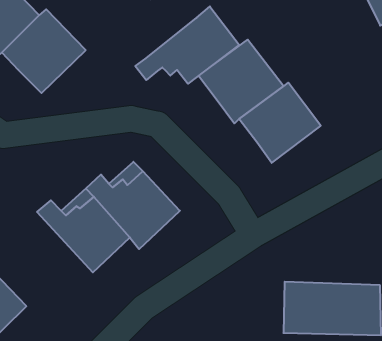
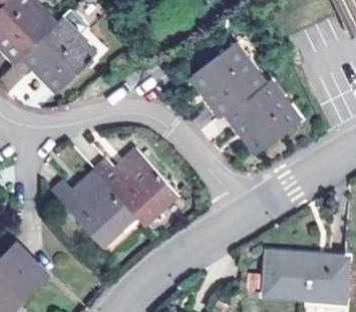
building: [135,6,239,84] -> none

